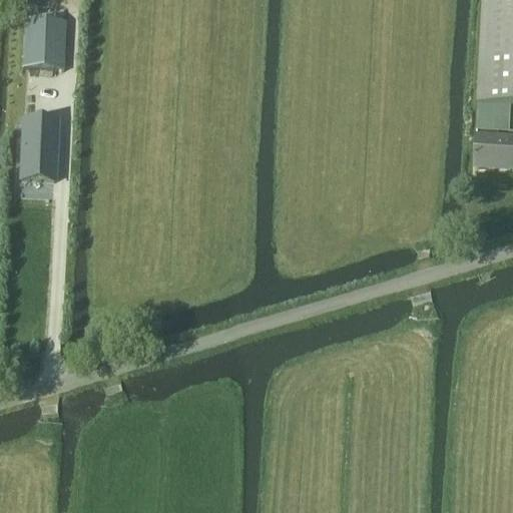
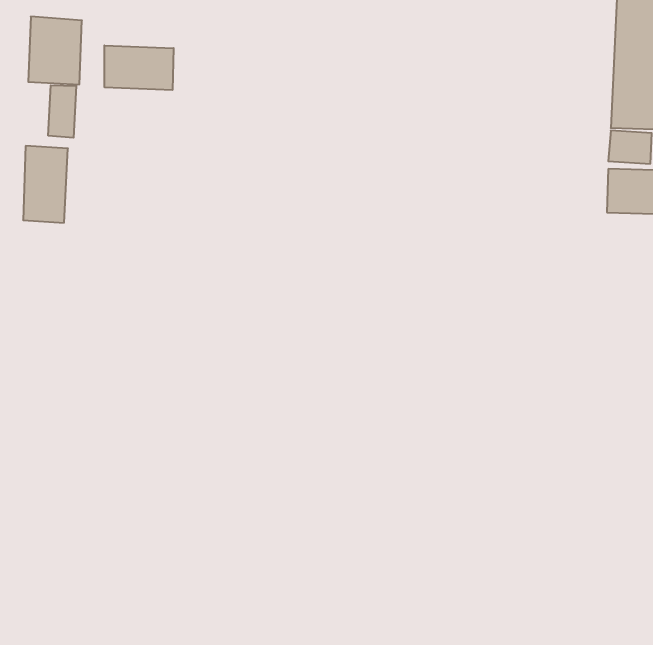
building: none -> [104,45,174,90]
building: none -> [48,85,76,138]

